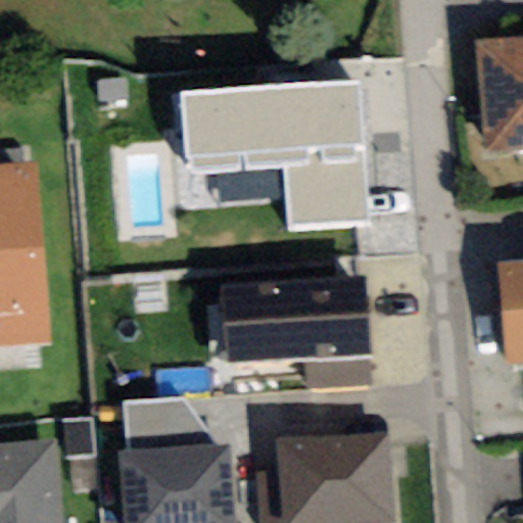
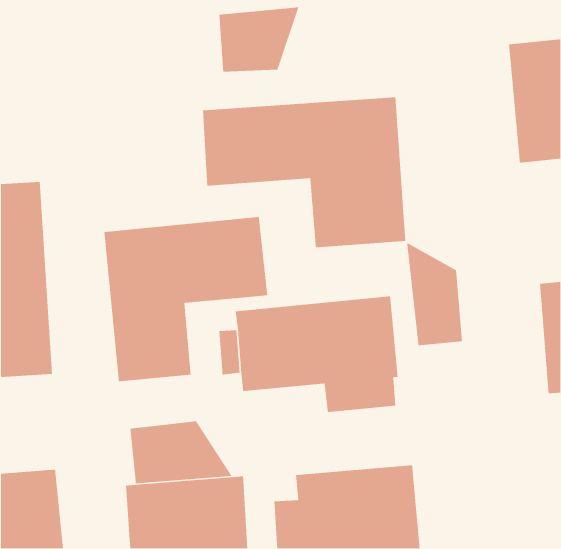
building: none -> [218,7,299,73]
building: none -> [104,216,268,382]
building: none -> [406,242,463,346]

